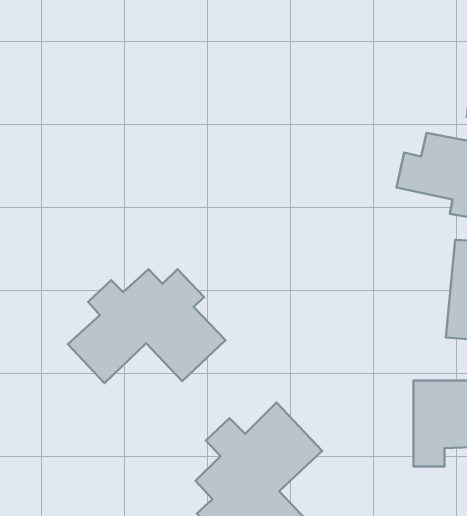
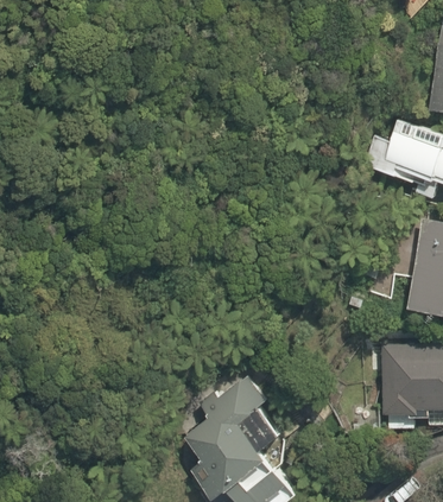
building: [68,269,225,383] -> none

